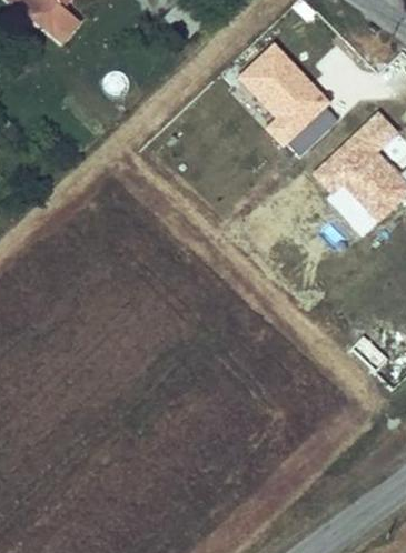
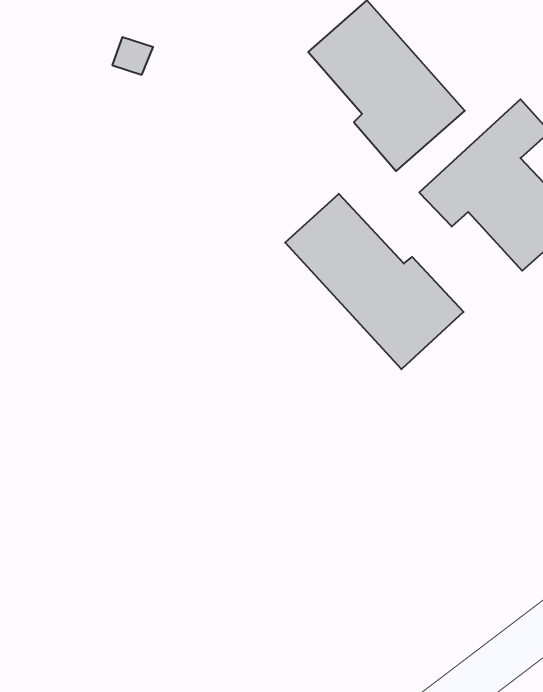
building: none -> [285,194,464,369]

